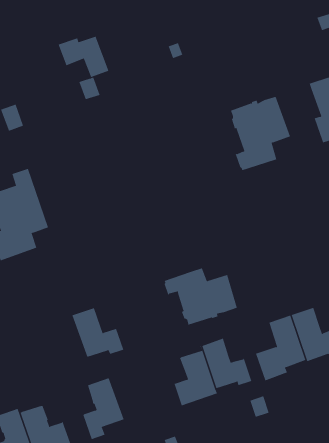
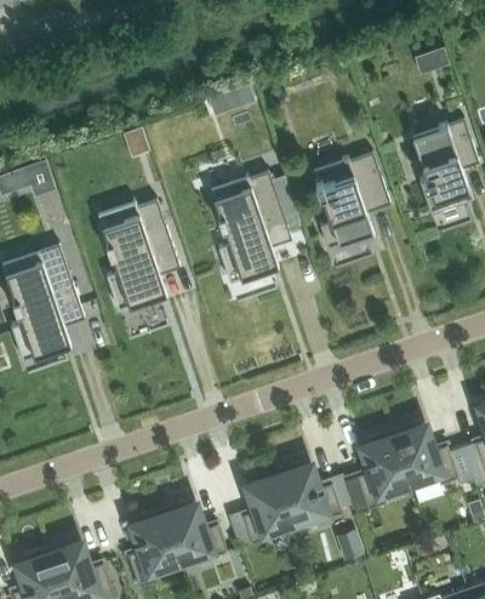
building: [58,36,109,78] -> none
building: none -> [211,171,291,283]
building: none -> [102,199,179,310]
building: [164,267,238,325] -> none
building: [71,308,124,357] -> [161,498,228,561]

